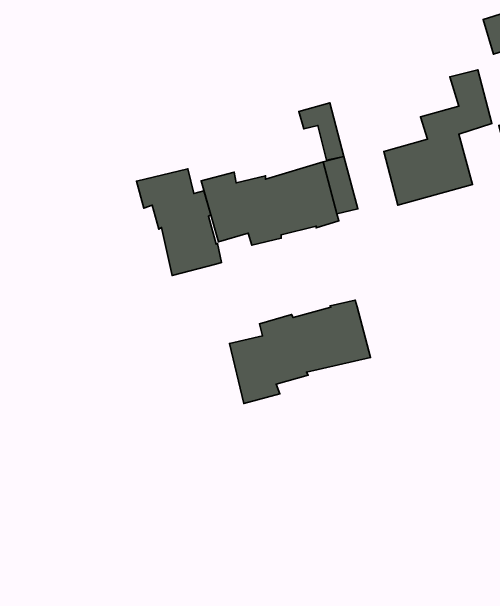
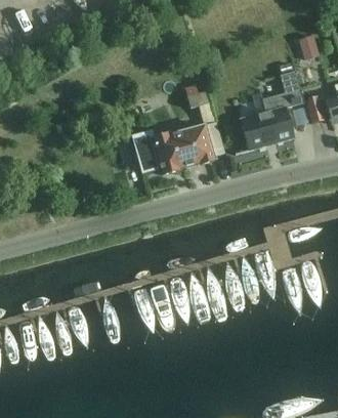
building: [137,169,222,275] -> none
building: [230,300,370,403] -> none

